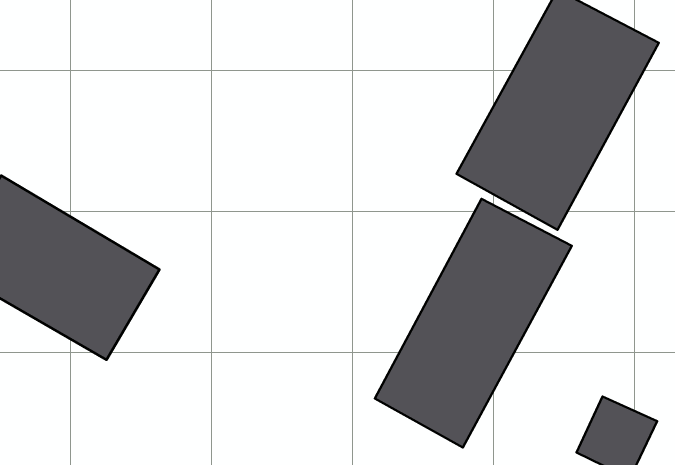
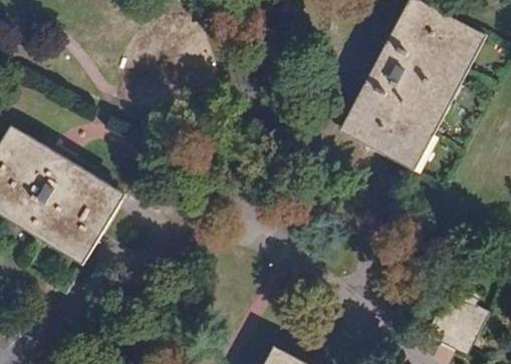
building: [375,199,572,447] -> none

